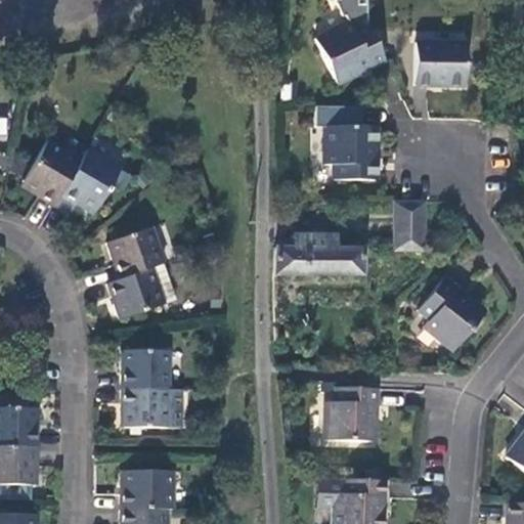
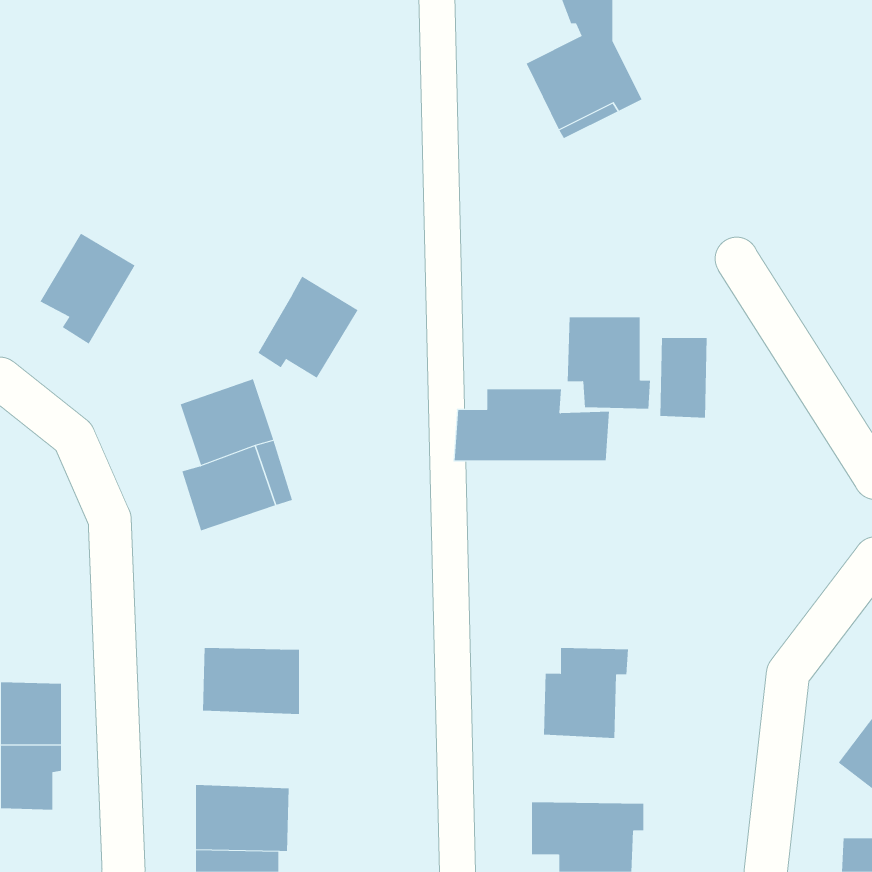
building: [414,42,466,84] -> none
building: [326,124,377,179] -> [567,317,651,409]
building: [62,147,123,209] -> [257,276,358,379]
building: [420,276,482,348] -> none
building: [124,350,170,388] -> none

